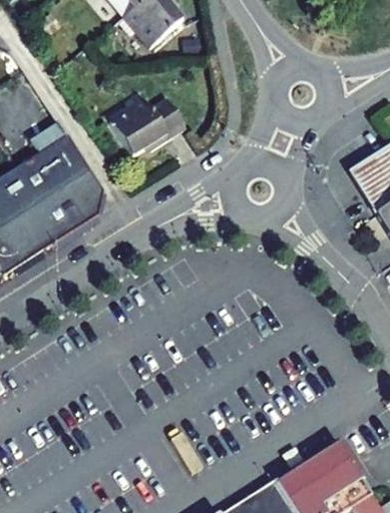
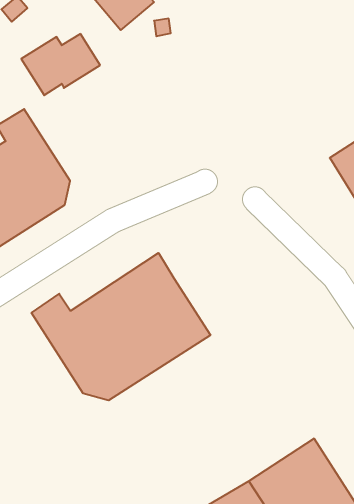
building: [109,97,185,156] -> [21,34,100,95]
building: none -> [32,253,210,400]

